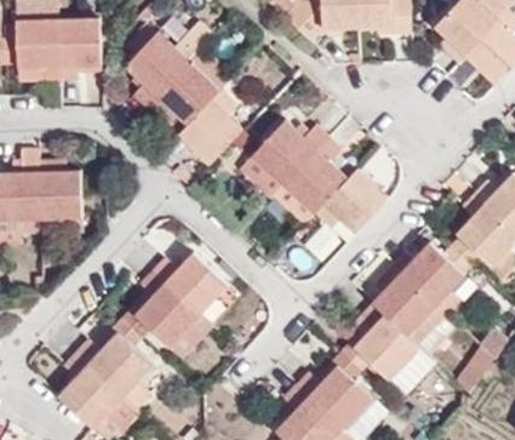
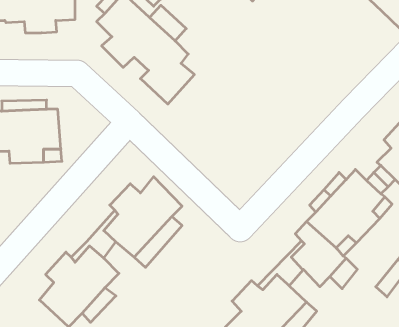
building: [240,120,387,233] -> none

